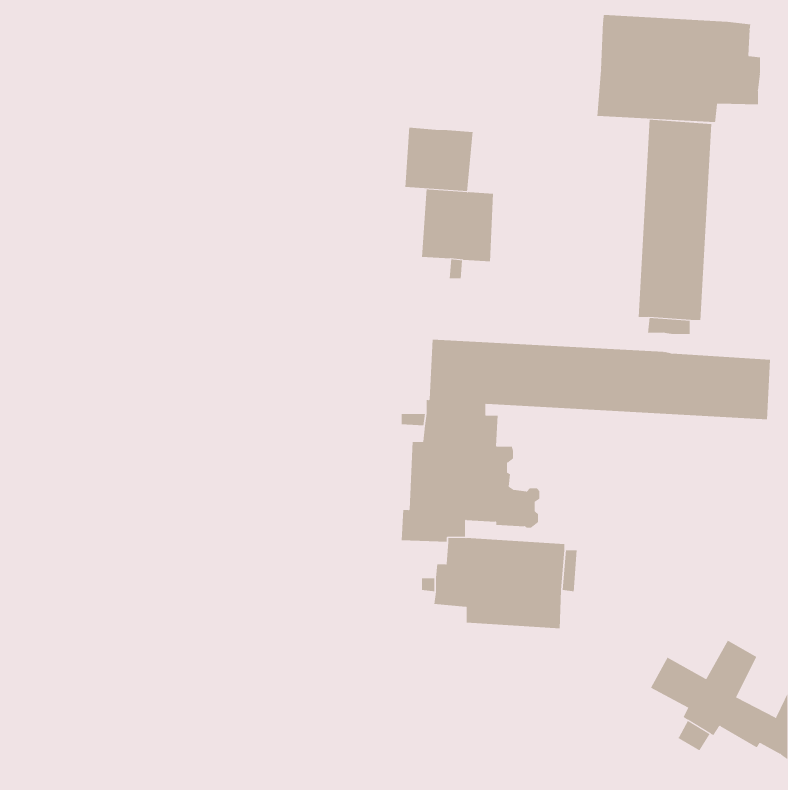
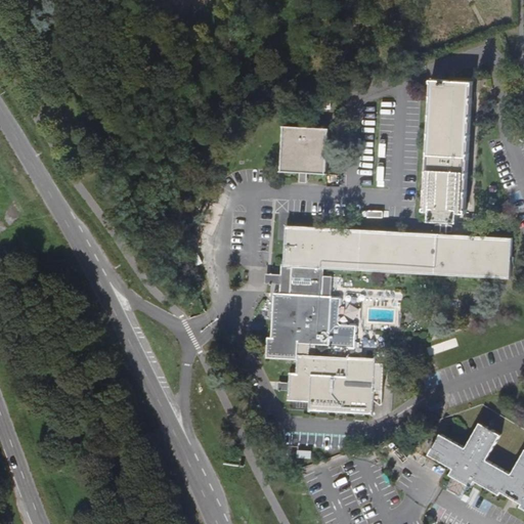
building: [597,14,761,123] -> none
building: [405,127,473,192] -> none

